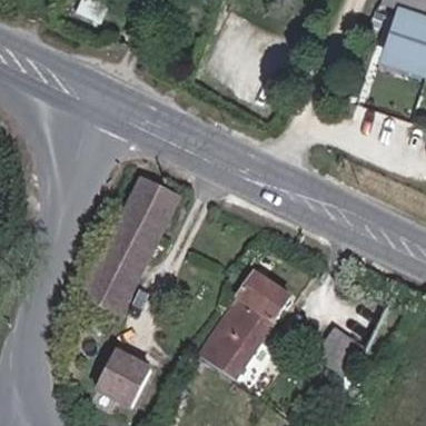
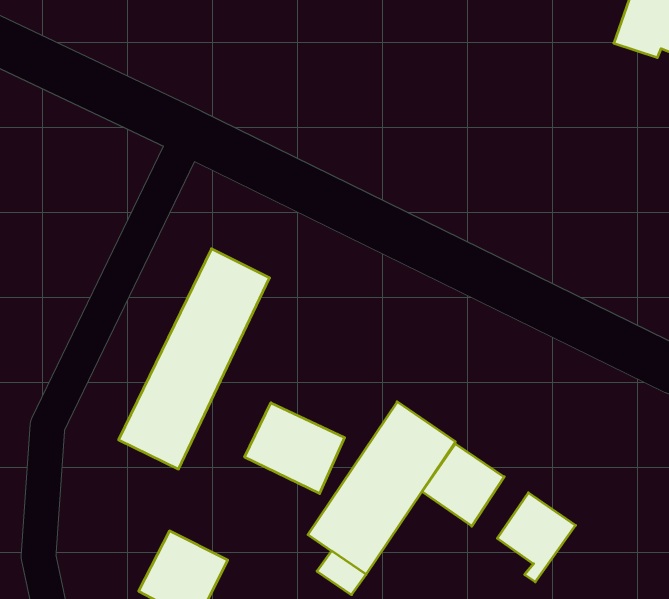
building: none -> [245,403,345,494]
building: none -> [422,444,504,526]

